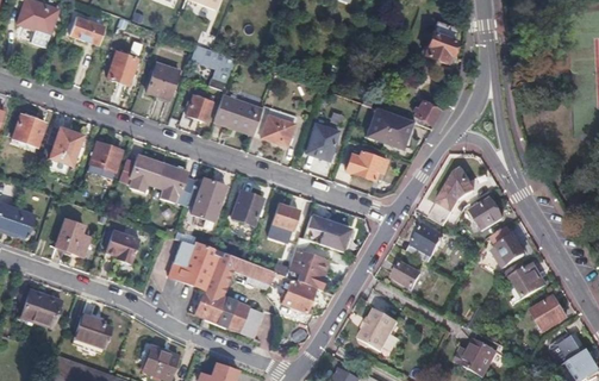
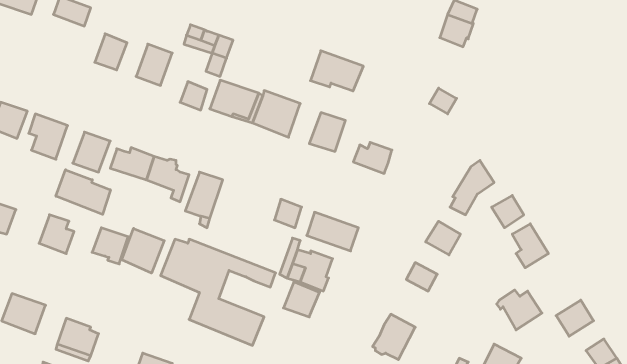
building: [367,108,416,145] -> [310,51,363,91]
building: none -> [56,170,110,214]
building: [231,190,262,225] -> none
building: none -> [122,228,164,273]
building: [506,262,548,299] -> [497,290,542,330]

